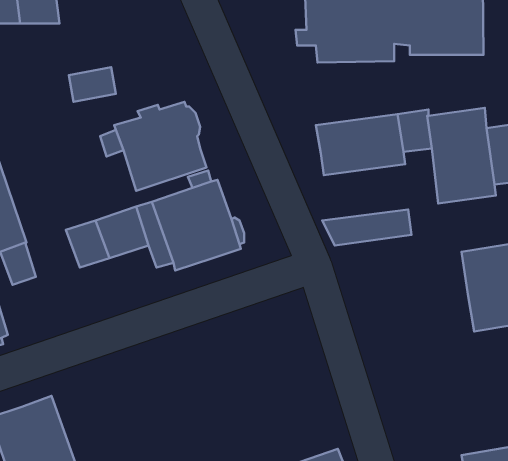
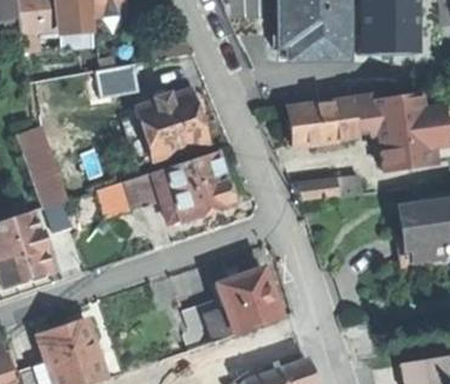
building: none -> [183,267,280,347]

